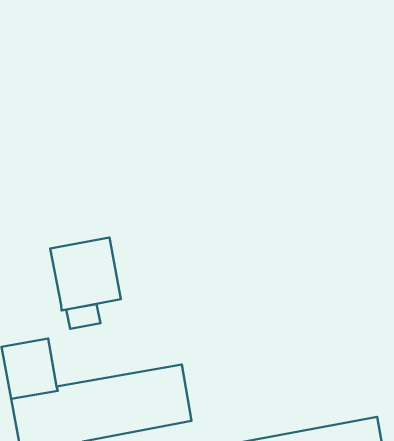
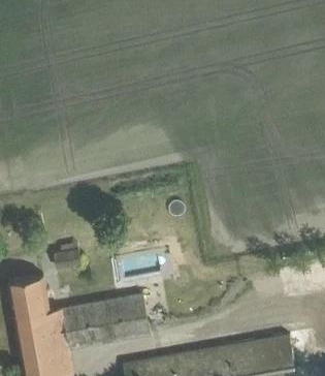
building: [50,237,121,310] -> none

